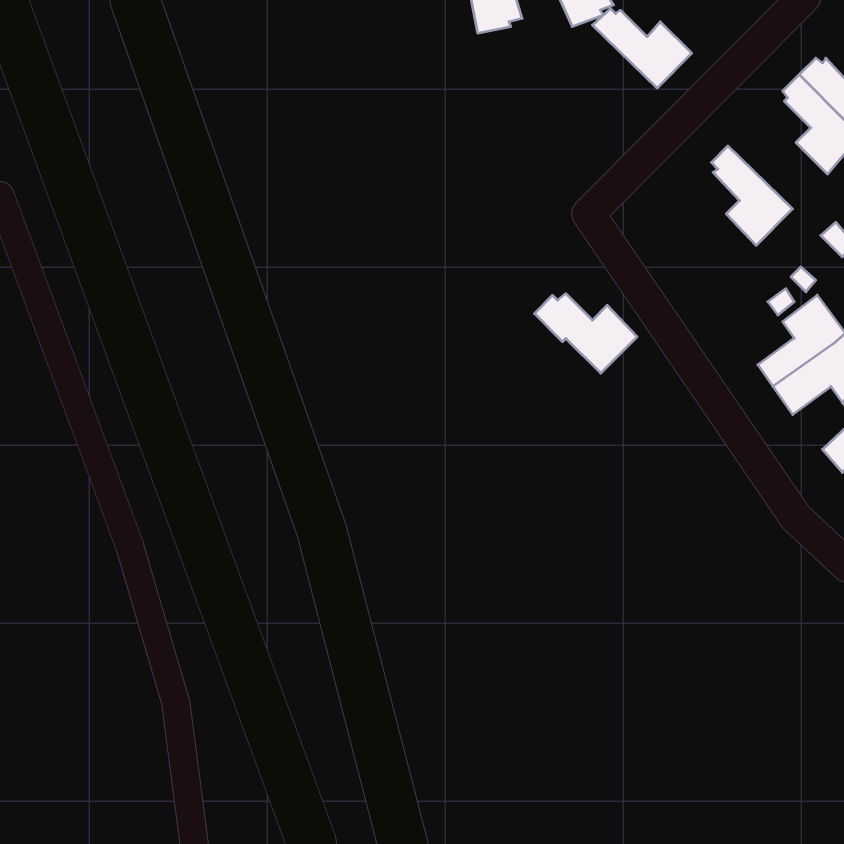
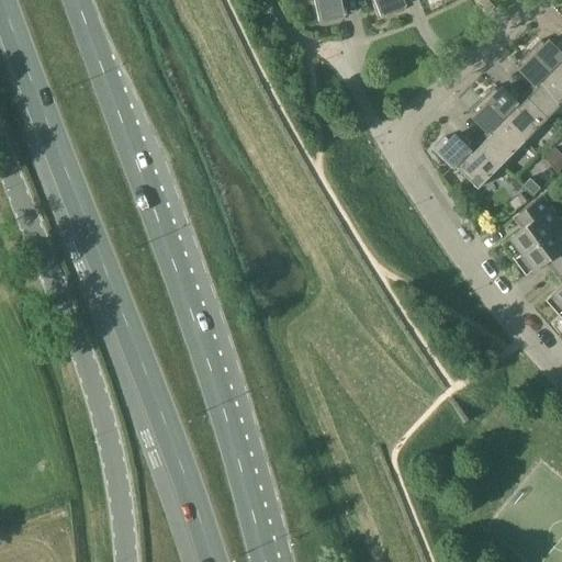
building: [592,9,692,88] -> [484,86,550,138]
building: [534,294,637,373] -> [435,134,503,187]

